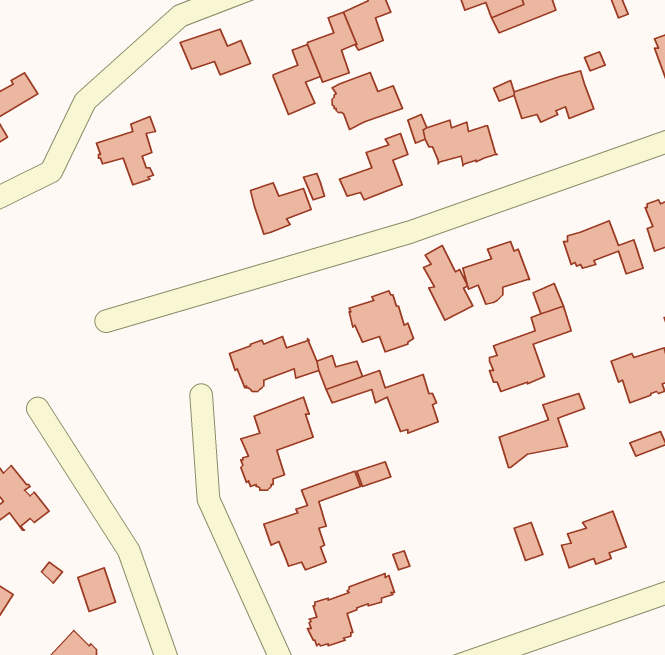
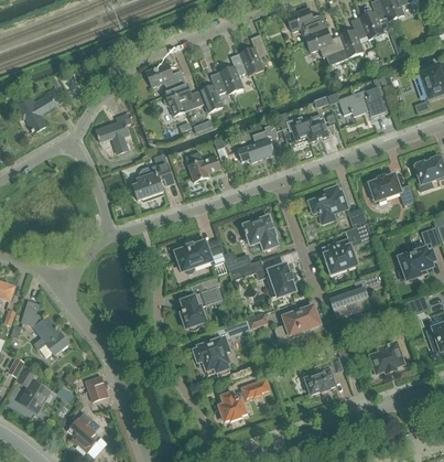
building: [332,73,403,129] -> [163,83,204,116]
building: none -> [131,154,173,201]
building: [424,245,473,320] -> none
building: none -> [274,305,318,341]
building: none -> [304,358,342,395]

